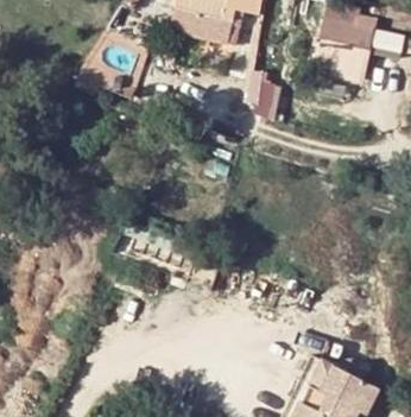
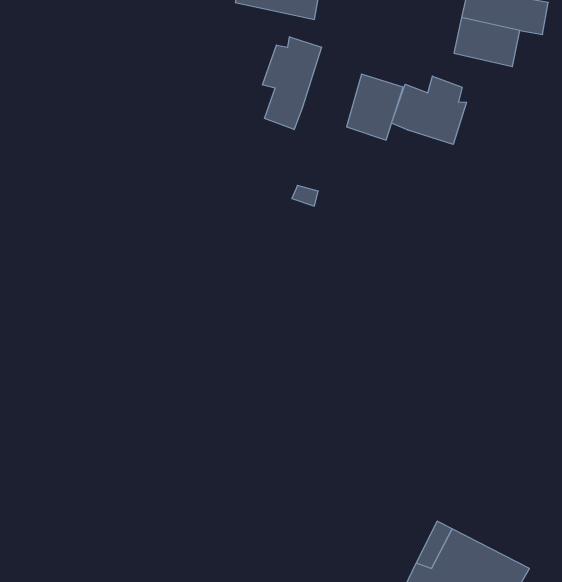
building: none -> [262,37,322,130]
building: none -> [392,76,467,144]

